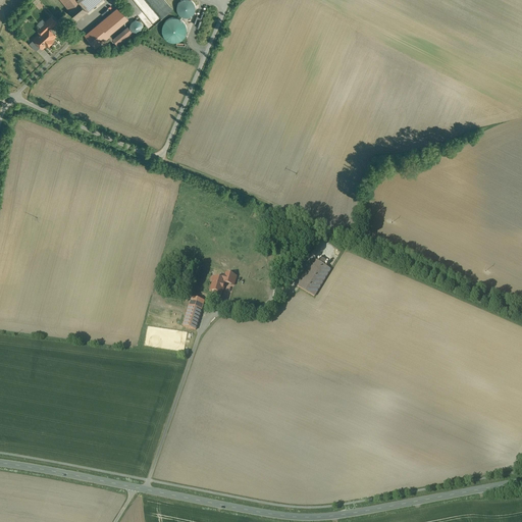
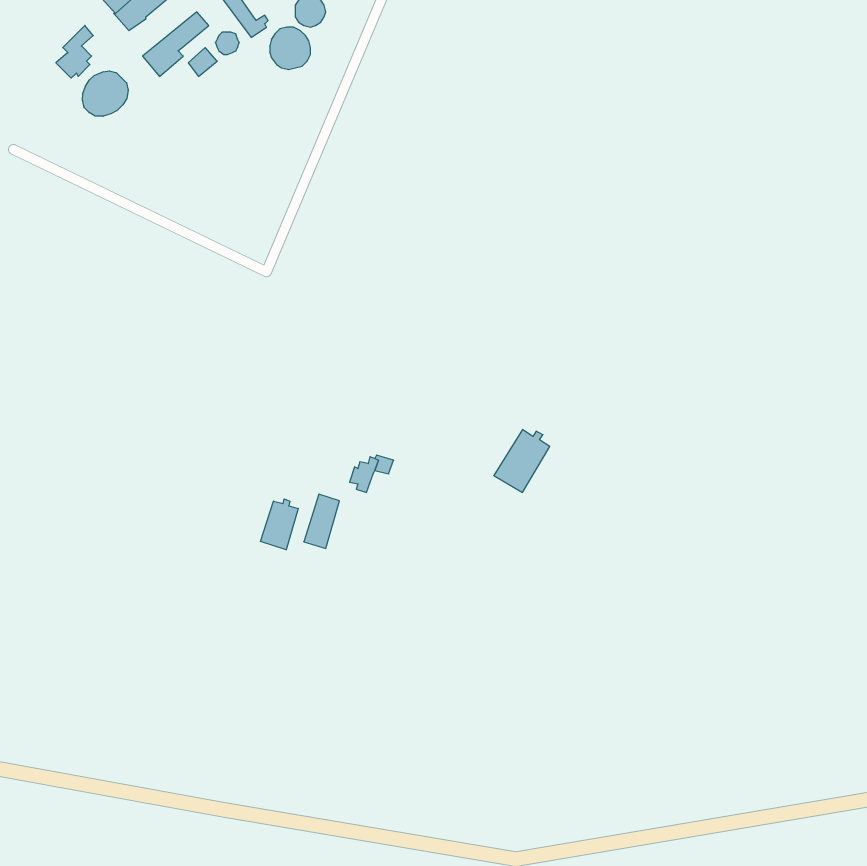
building: none -> [83,71,128,116]
building: none -> [261,499,298,550]

